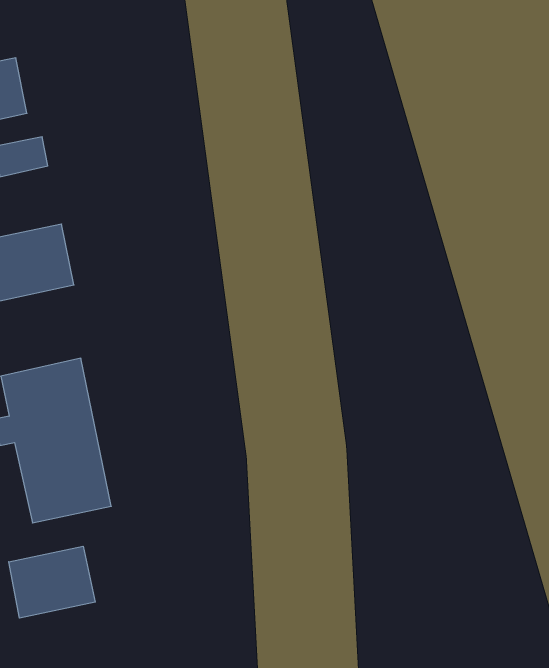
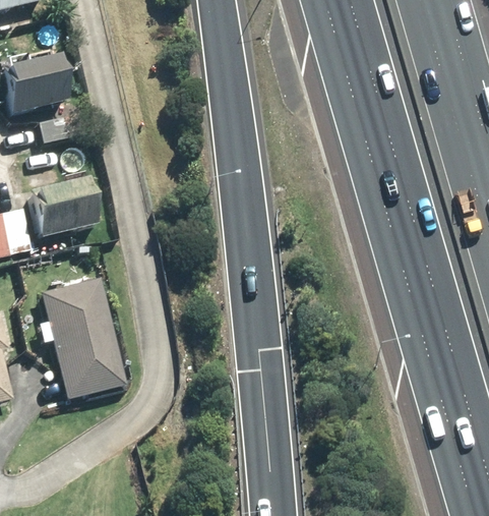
building: [9,546,95,618] -> none

